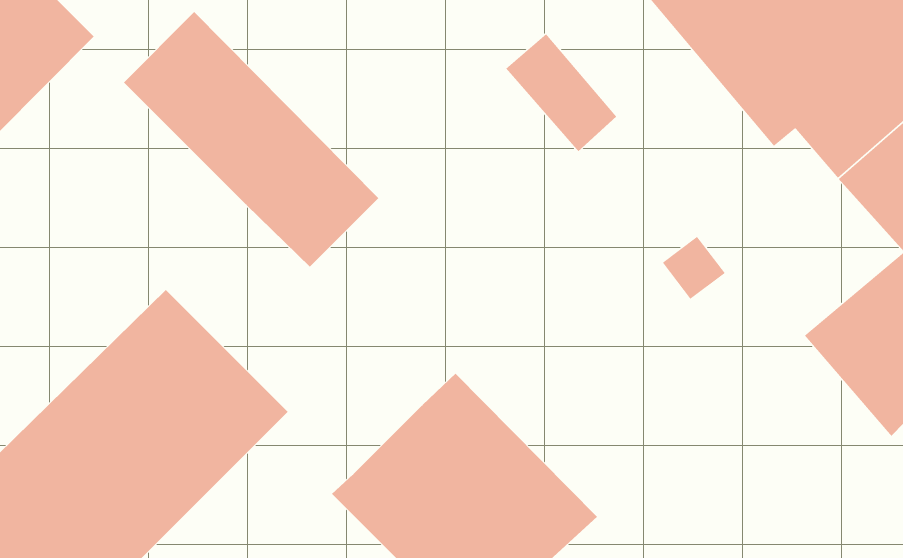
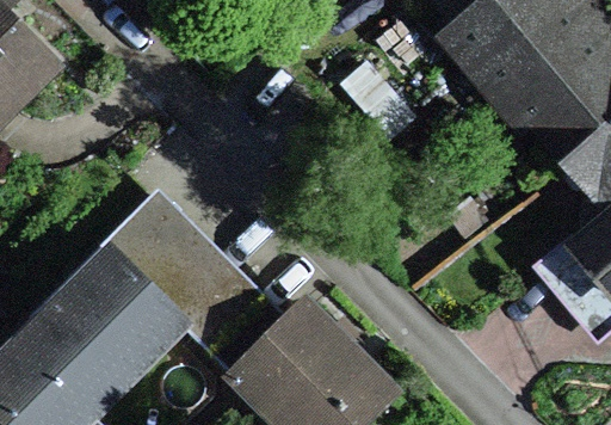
building: [123,11,379,267] -> [113,191,285,363]

